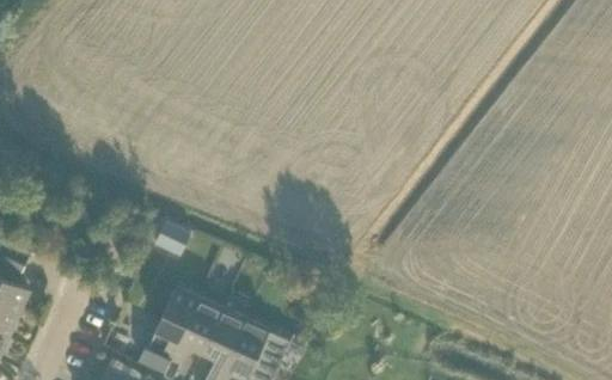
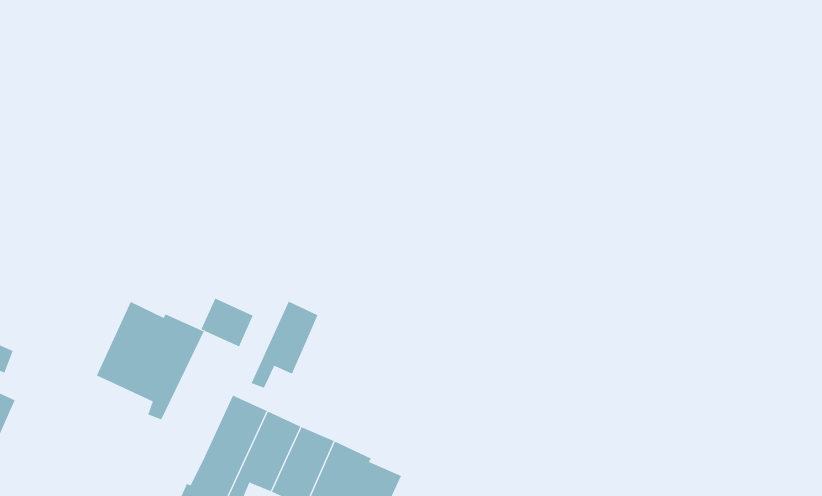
building: none -> [251,301,318,389]
building: none -> [96,301,205,420]

